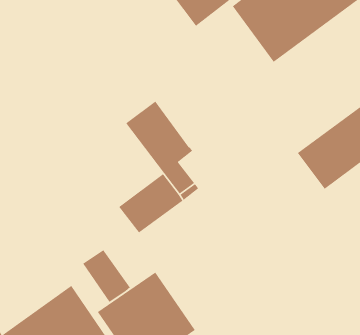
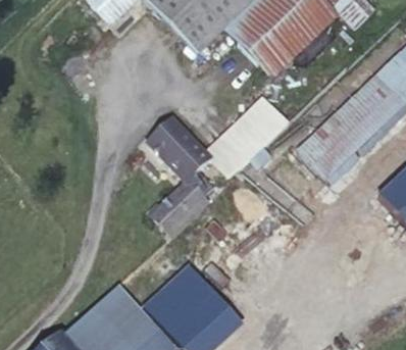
building: none -> [205,97,288,179]
building: [82,249,131,303] -> none

